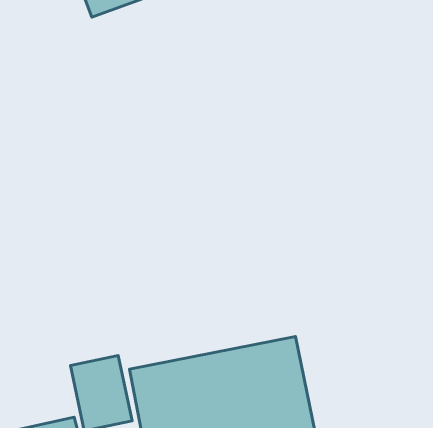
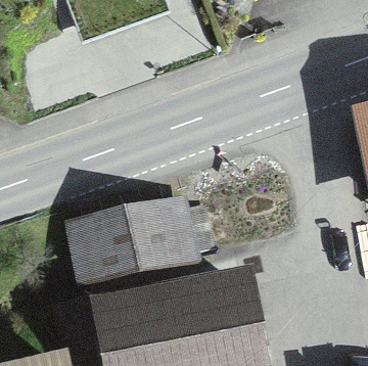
building: none -> [86,210,218,277]

